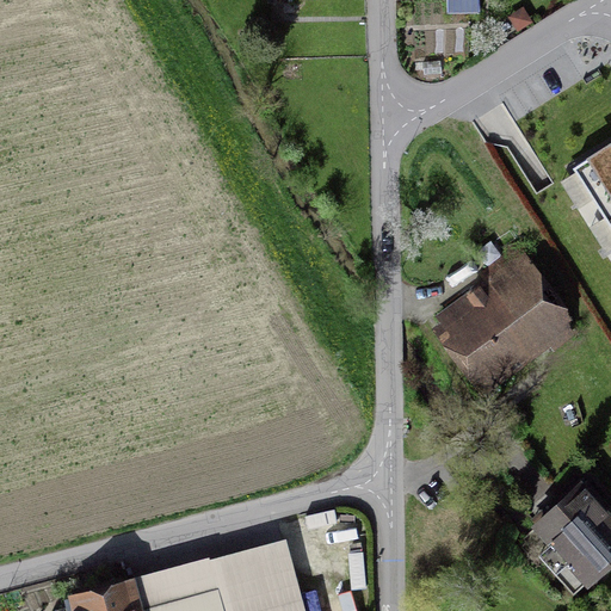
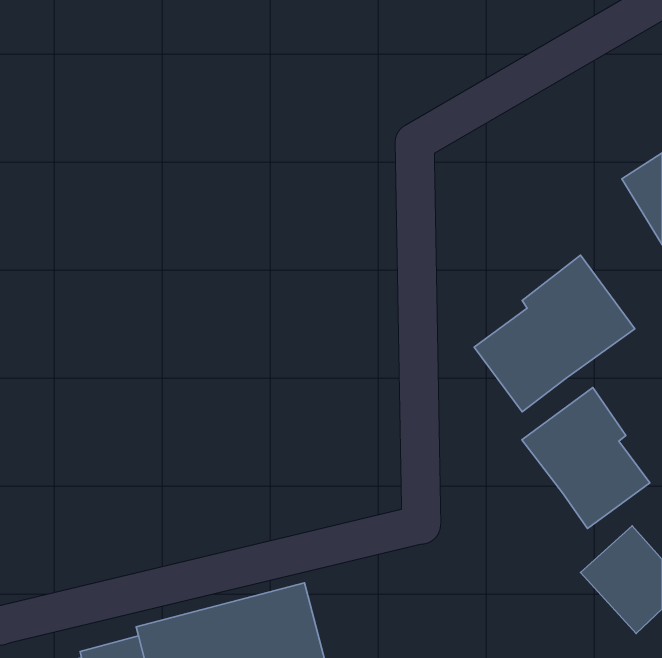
building: none -> [522,388,650,529]

